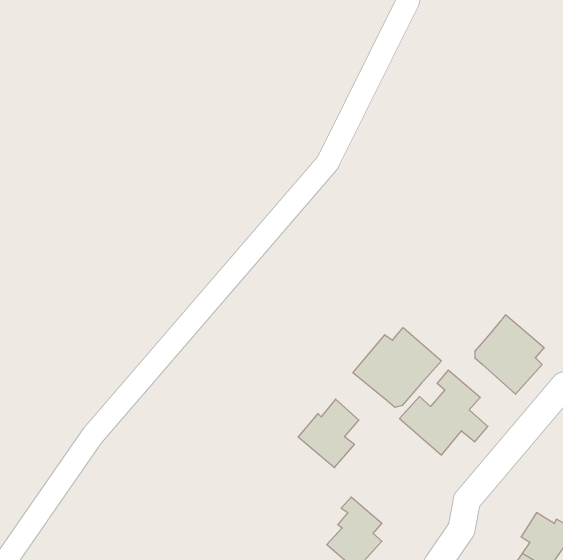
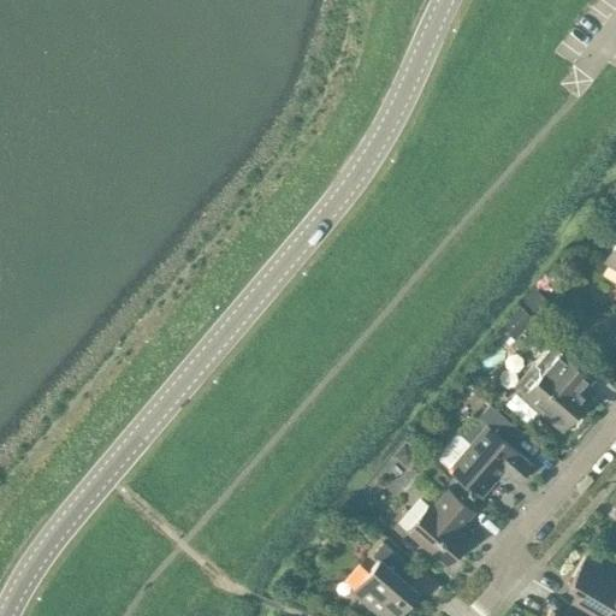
building: [353,328,441,408] -> none
building: [298,399,359,468] -> [408,493,474,568]

